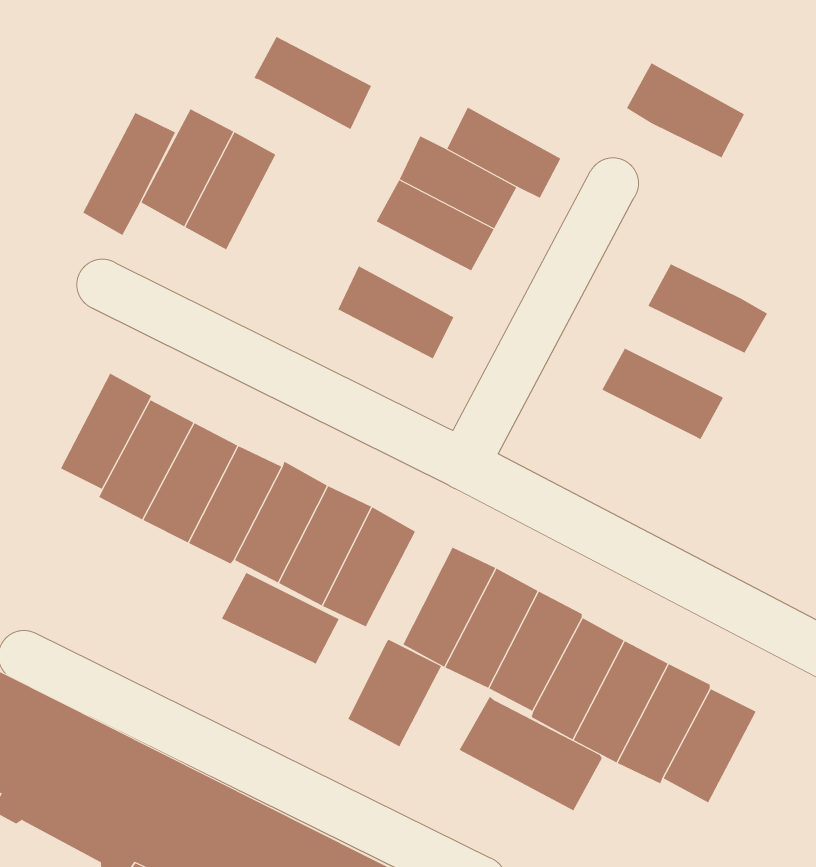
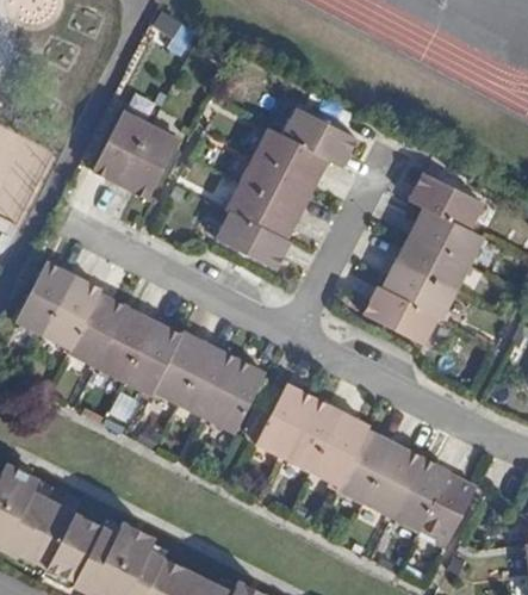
building: [253,36,372,130] -> [225,182,299,241]
building: [626,62,745,158] -> [408,171,482,230]
building: [83,112,176,236] -> none
building: none -> [395,235,470,292]
building: none -> [15,262,74,336]
building: none -> [364,286,437,345]
building: [221,572,340,664] -> none
building: [348,639,442,747] -> none
building: [459,696,603,811] -> none

